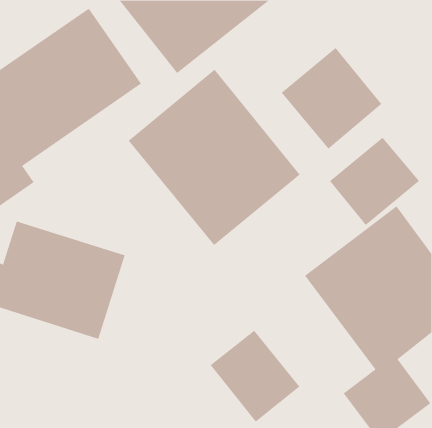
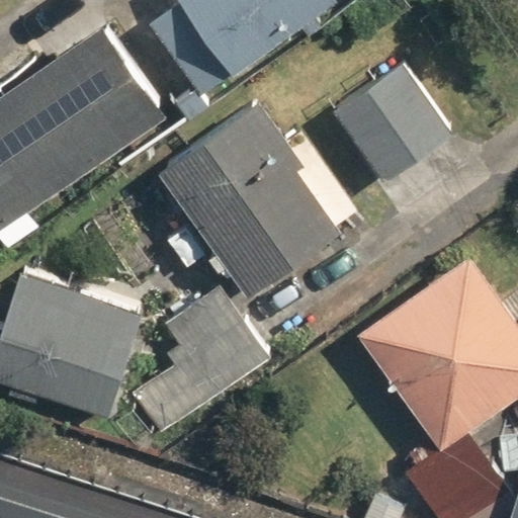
building: [329,137,420,226] -> none
building: none -> [125,280,277,448]
building: [210,330,300,423] -> none

